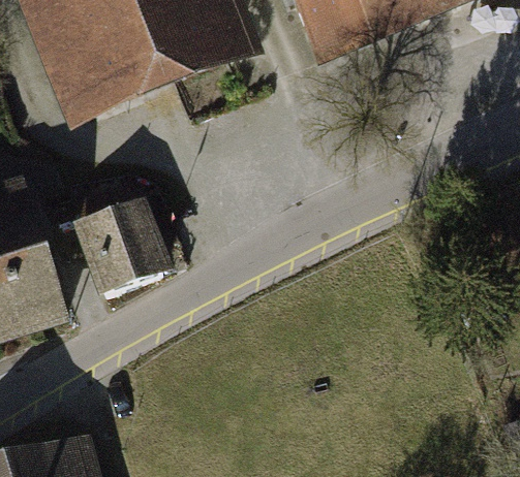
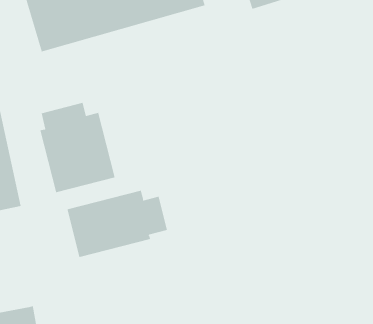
building: none -> [67,190,167,258]

